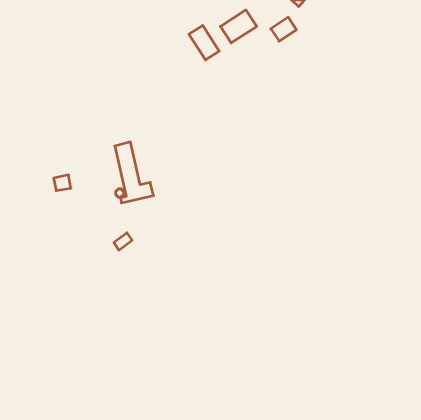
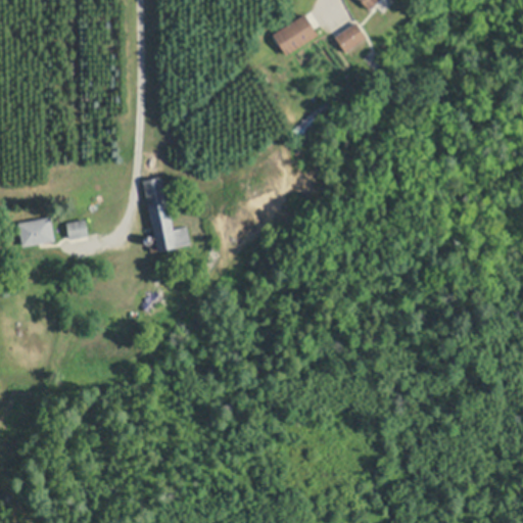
building: [189,25,219,60] -> none
building: none -> [18,217,54,246]

